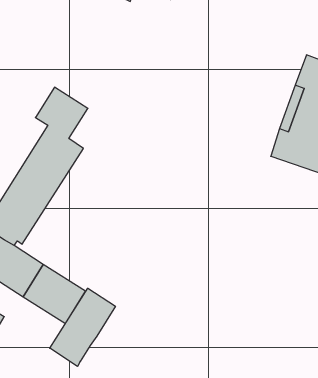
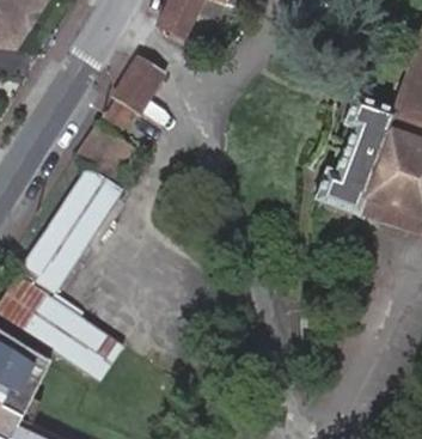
building: none -> [104,59,159,130]
building: [50,288,115,366] -> none

